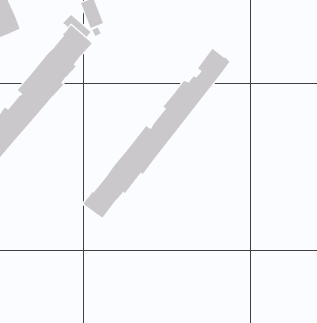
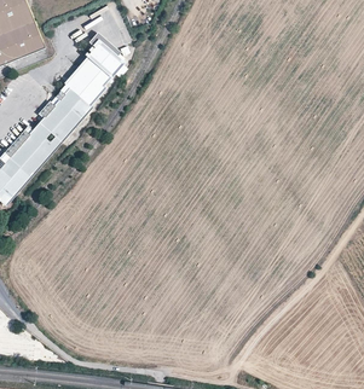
building: [82,48,230,219] -> none

